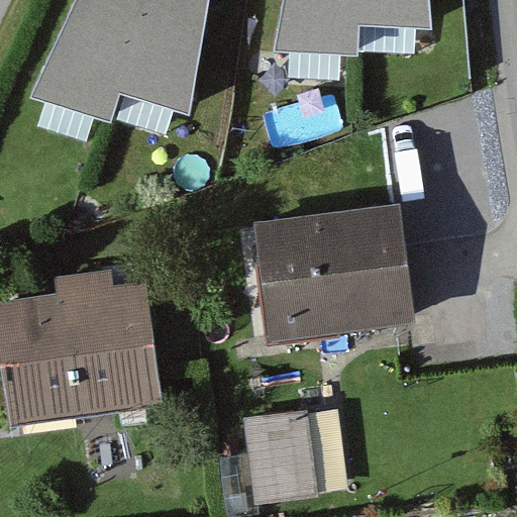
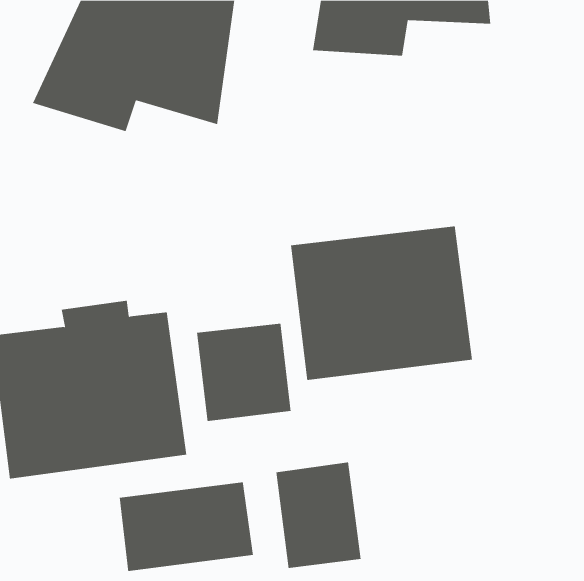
building: none -> [196,323,291,422]
building: none -> [119,481,253,572]

